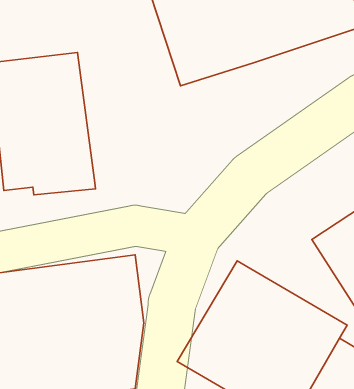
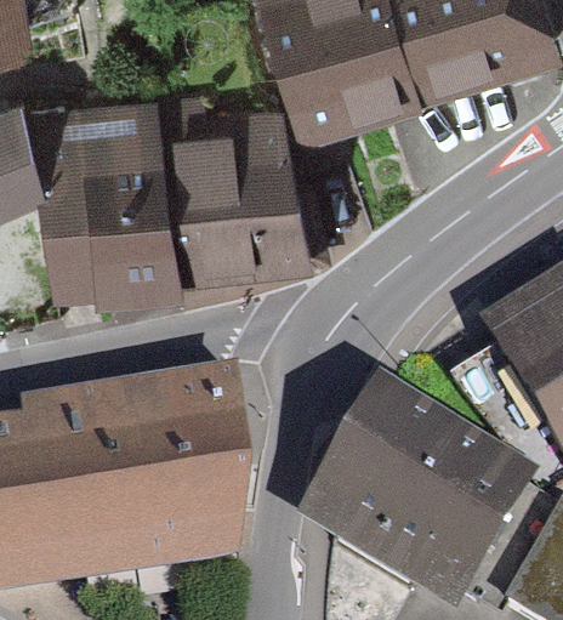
building: none -> [158,87,307,267]

